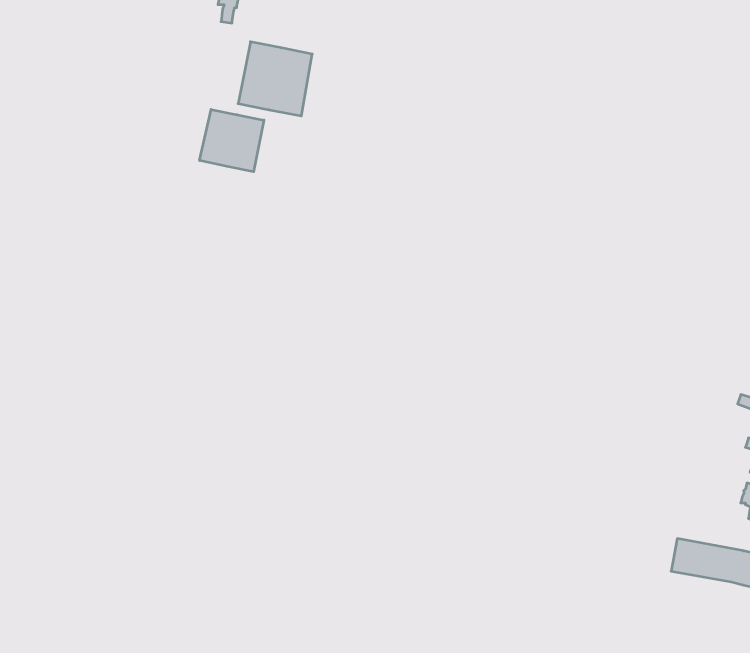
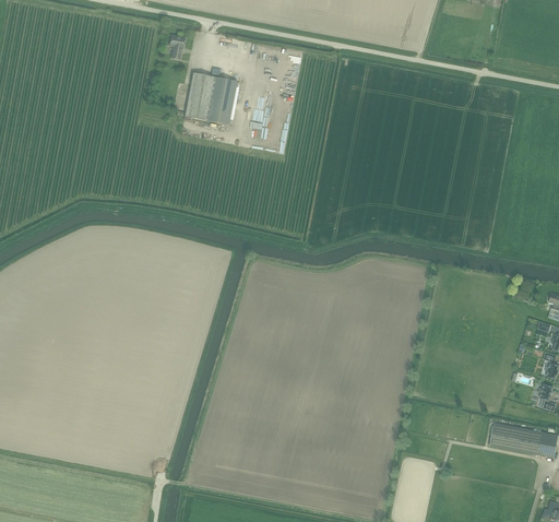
building: [200,109,264,172] -> none

